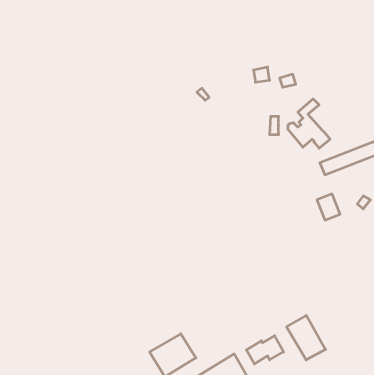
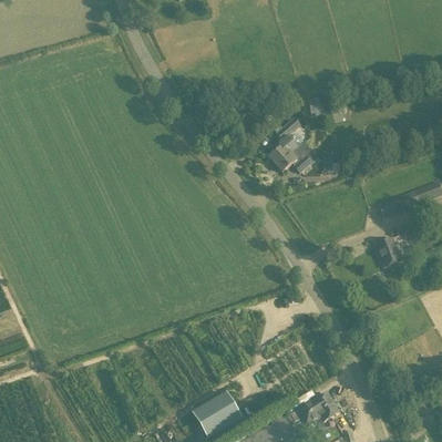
building: [288,99,330,148] -> [266,119,312,173]
building: [287,315,326,360] -> none

